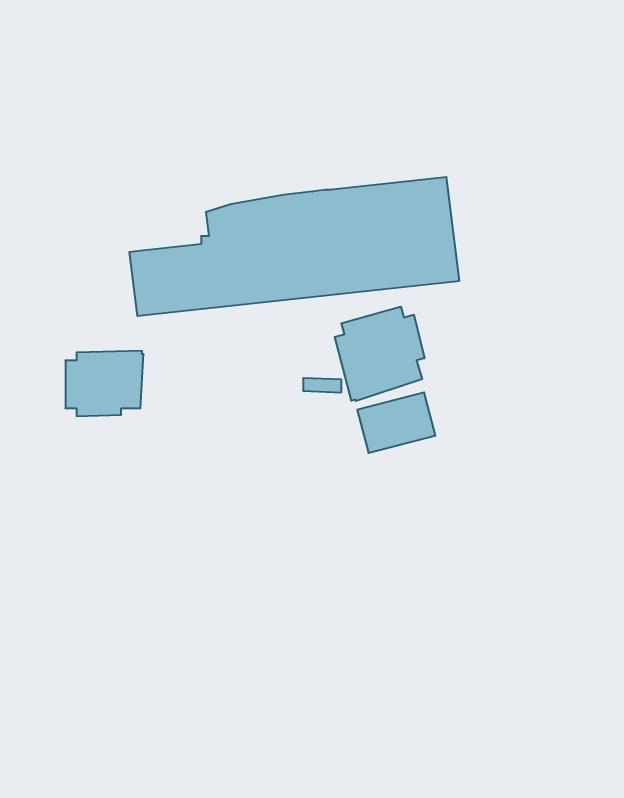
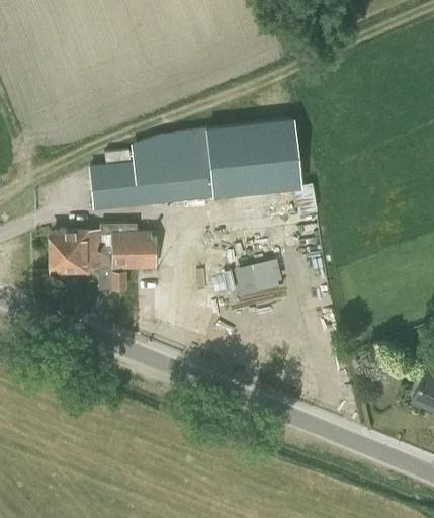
building: [335,307,425,401] -> none
building: none -> [98,232,154,290]

